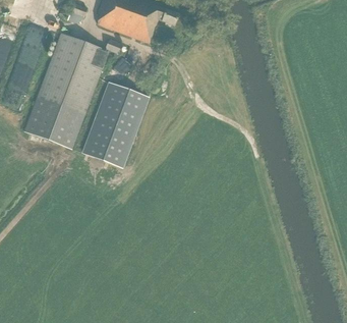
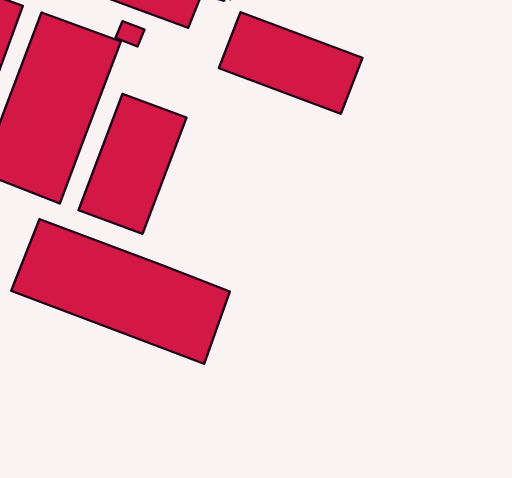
building: none -> [219,12,362,114]
building: none -> [11,219,230,364]

